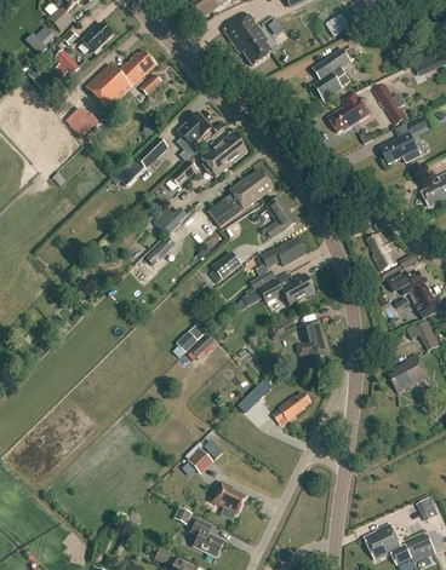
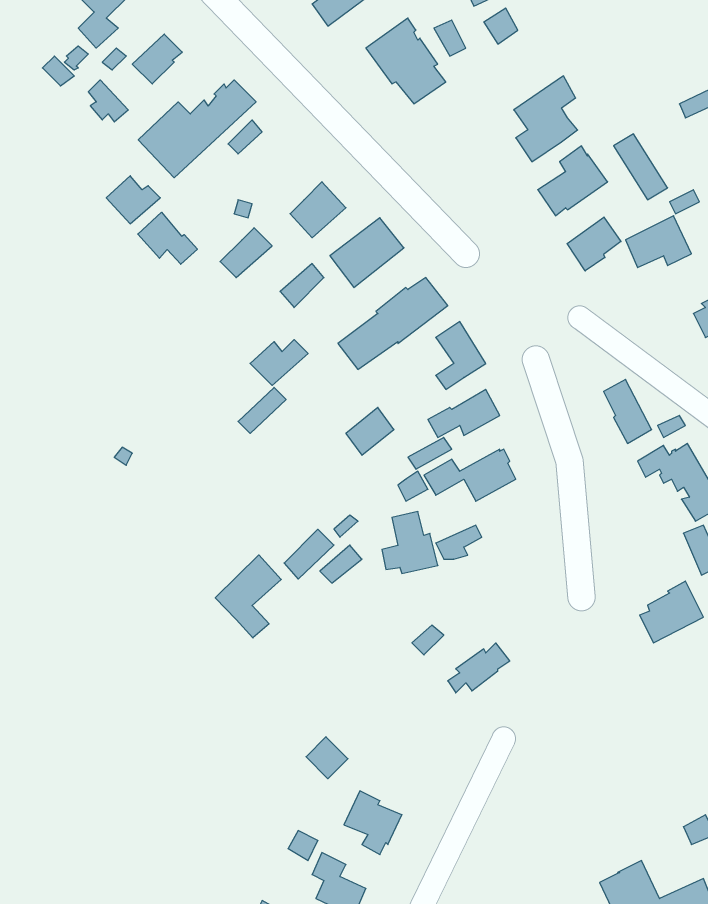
building: none -> [138,212,197,264]
building: none -> [567,217,621,271]
building: [296,319,330,357] -> [382,512,438,573]
building: none -> [215,555,281,638]

